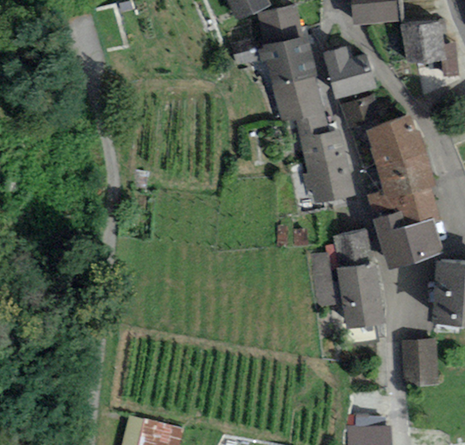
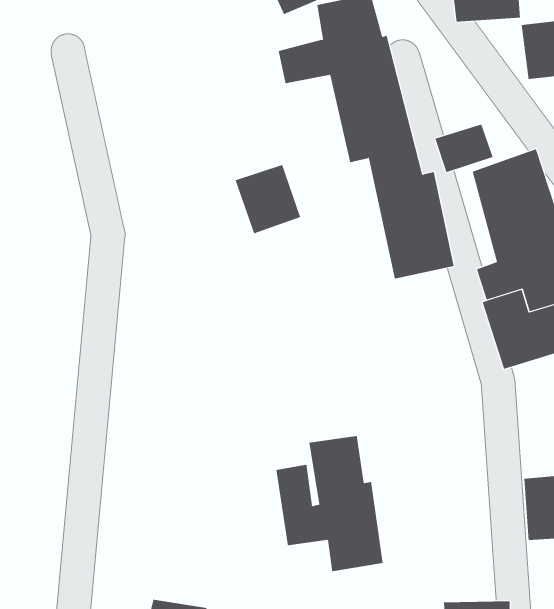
building: [323,45,377,96] -> none
building: none -> [235,164,301,234]
building: [308,230,383,325] -> [276,435,383,572]

